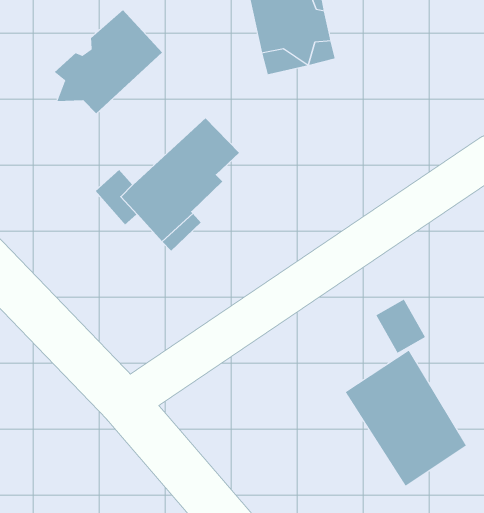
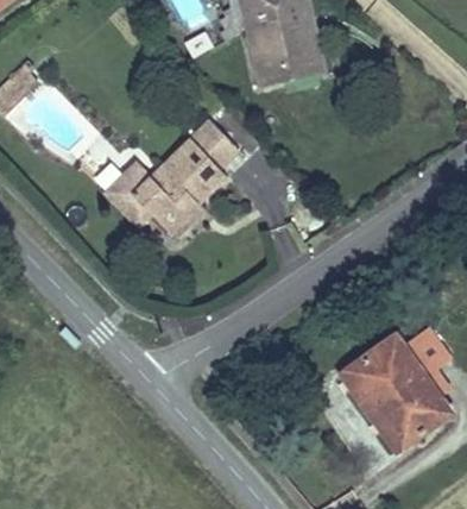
building: [54,9,163,114] -> none
building: [375,299,426,353] -> [402,326,446,373]

